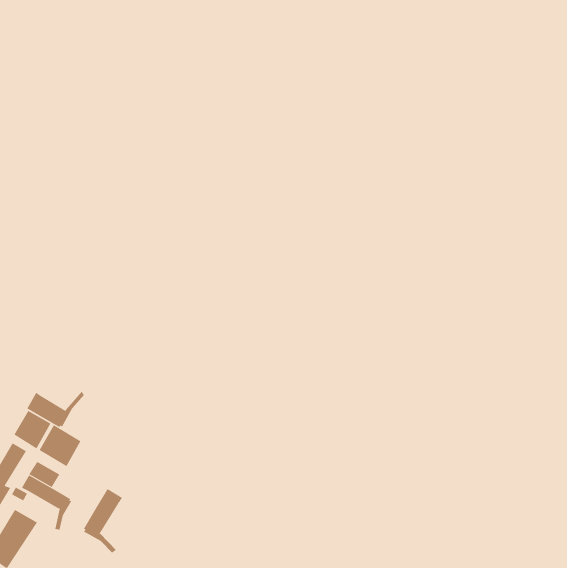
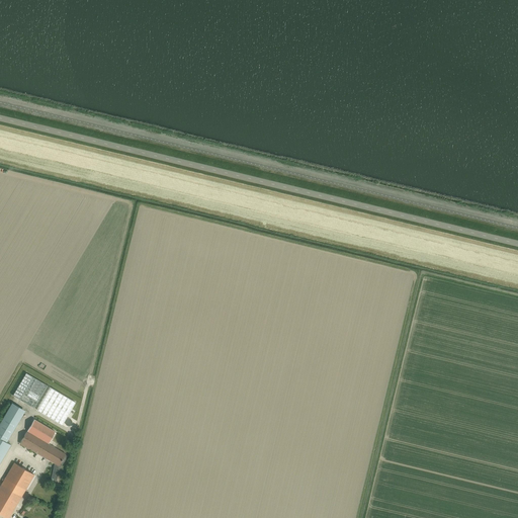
building: [26,391,84,428] -> none
building: [83,488,123,553] -> none

